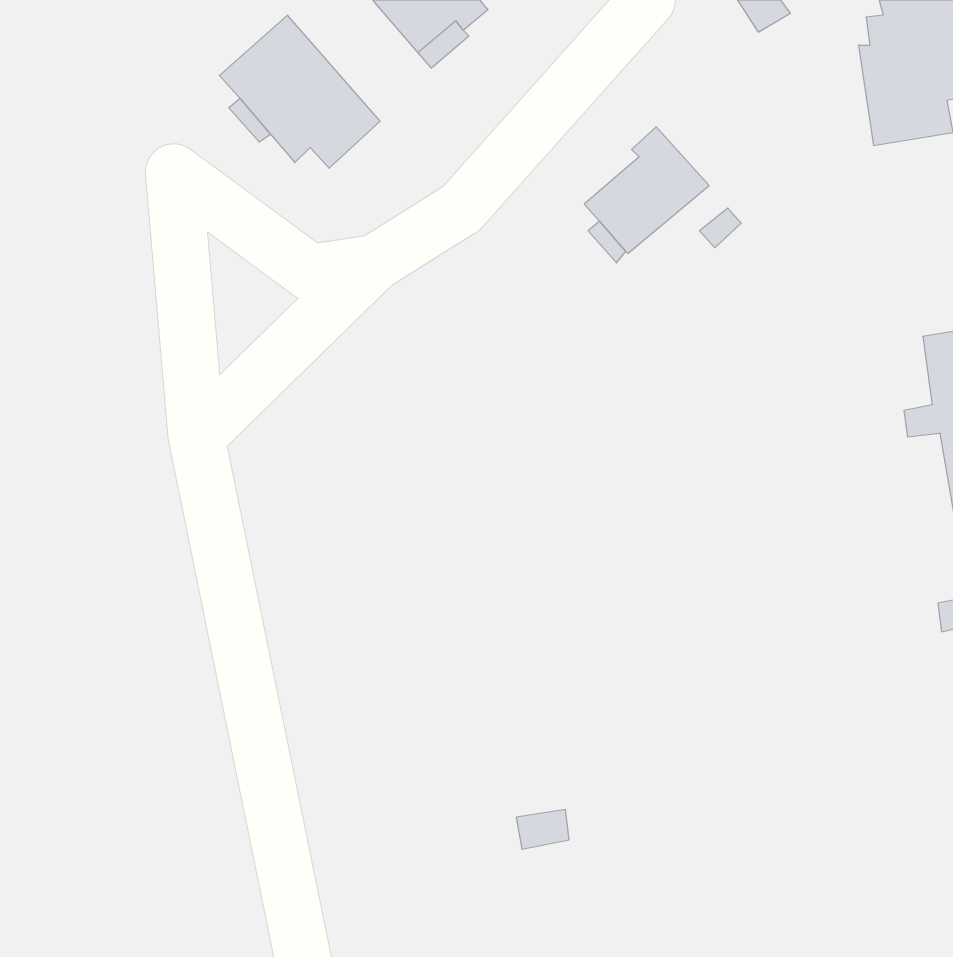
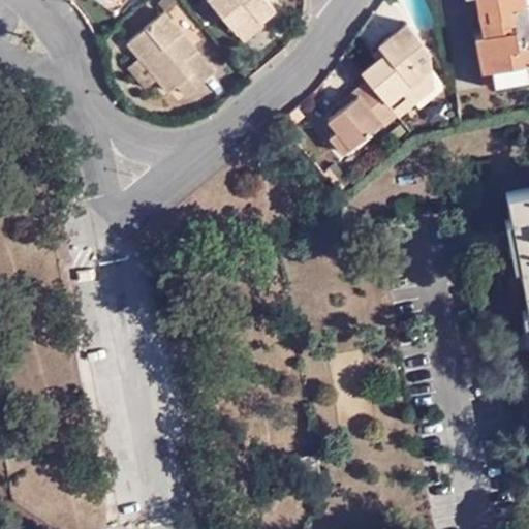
building: none -> [362,20,434,113]

